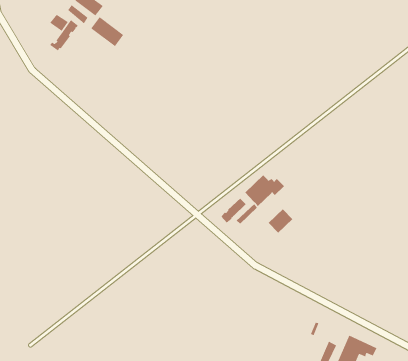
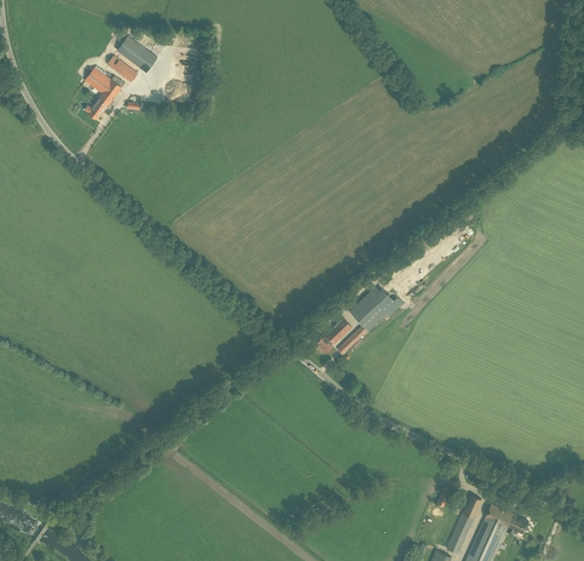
building: [90,16,124,47] -> none
building: [268,208,293,234] -> none

